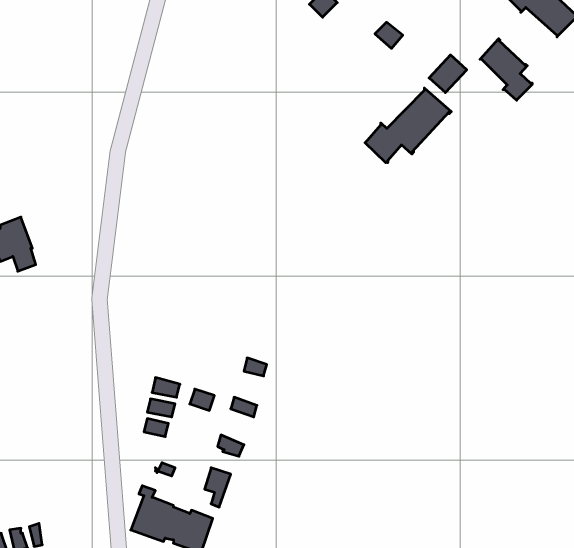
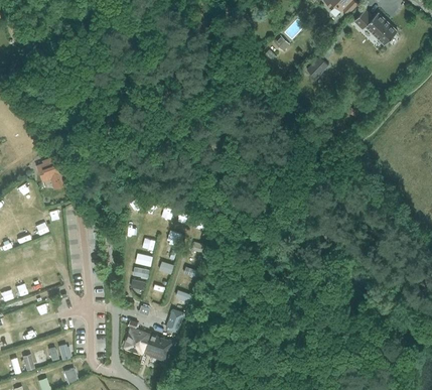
building: [480,39,532,100] -> none
building: [365,88,451,163] -> none

